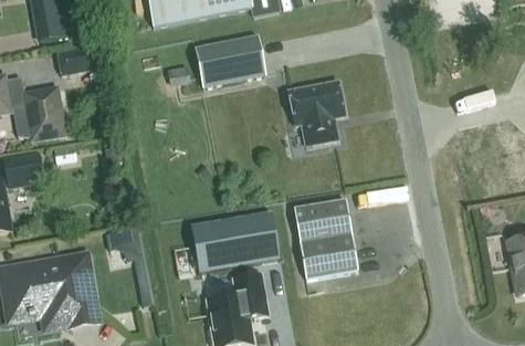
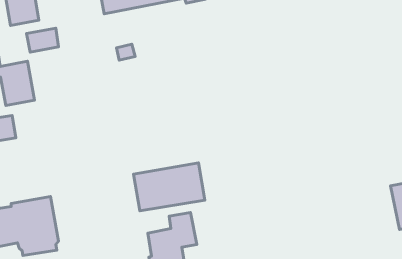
building: [195,33,266,87] -> none
building: [288,81,345,144] -> none
building: [294,199,358,279] -> none

